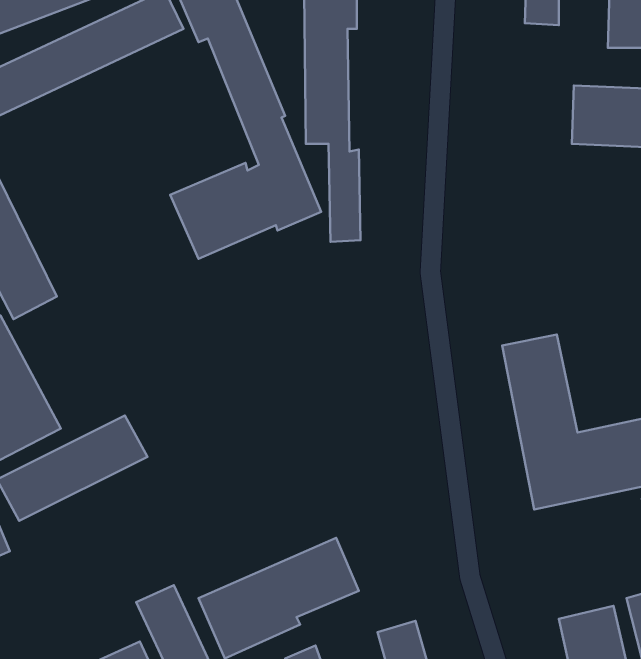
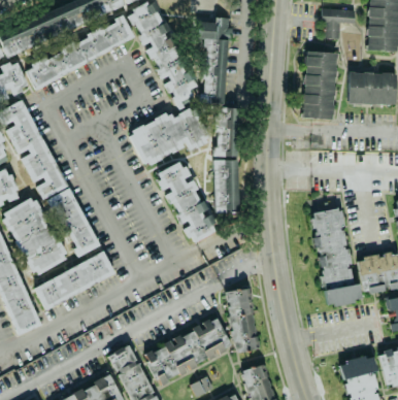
building: none -> [303,51,336,119]
building: none -> [213,159,239,212]
building: none -> [156,161,217,242]
building: none -> [47,187,99,257]
building: none -> [228,289,256,352]

